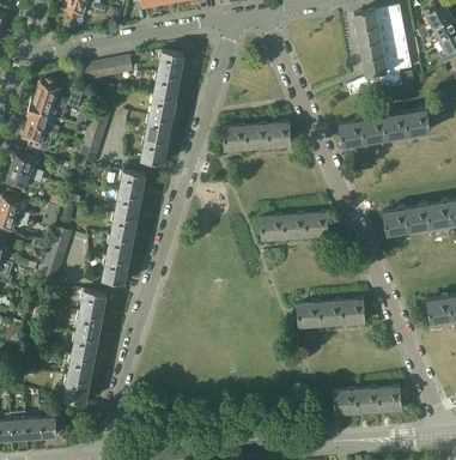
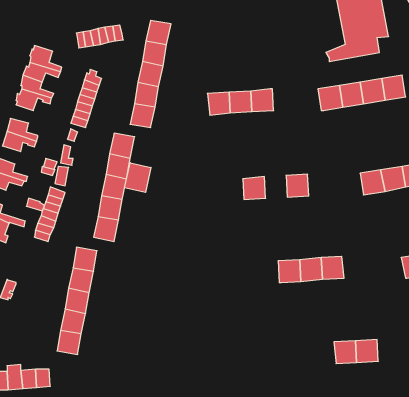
building: none -> [125,163,151,192]
building: [282,214,306,238] -> none
building: [334,389,358,414] -> none

